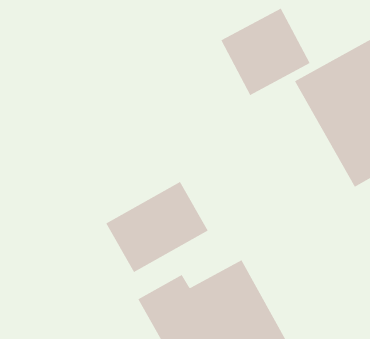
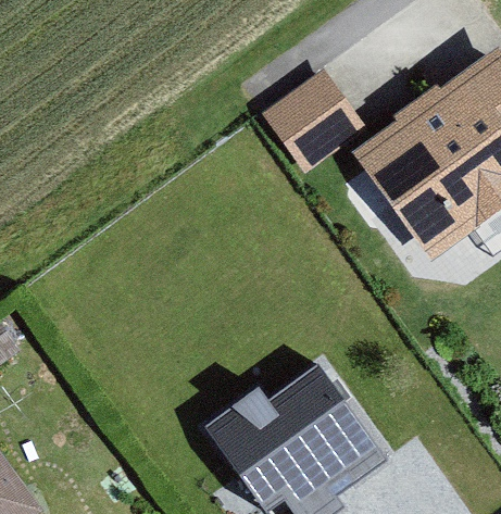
building: [105,181,208,273] -> none

